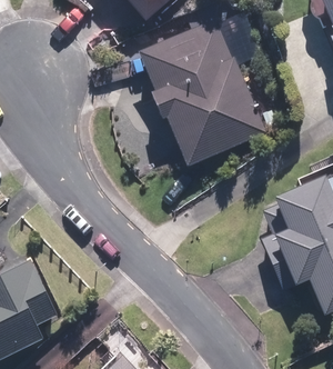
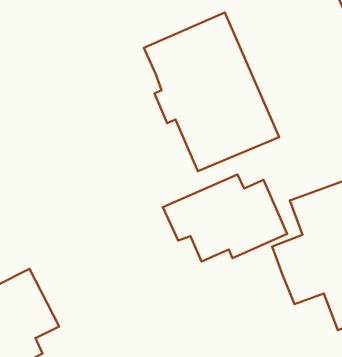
building: none -> [163,175,287,262]

